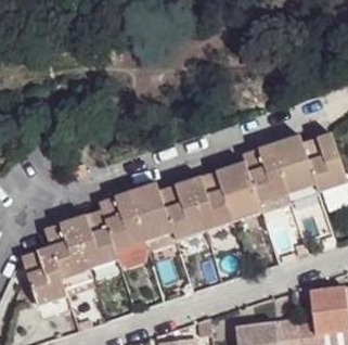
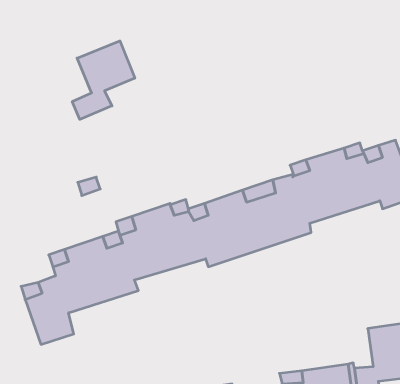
building: none -> [72,41,135,119]

